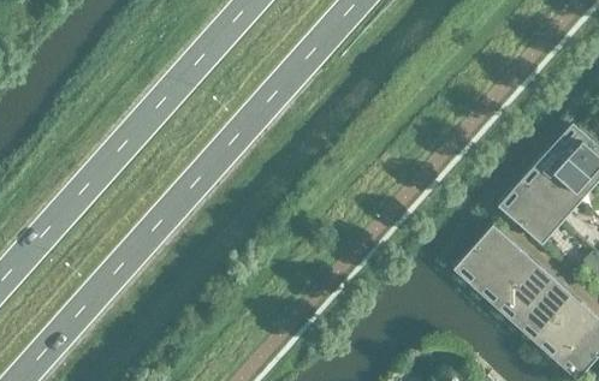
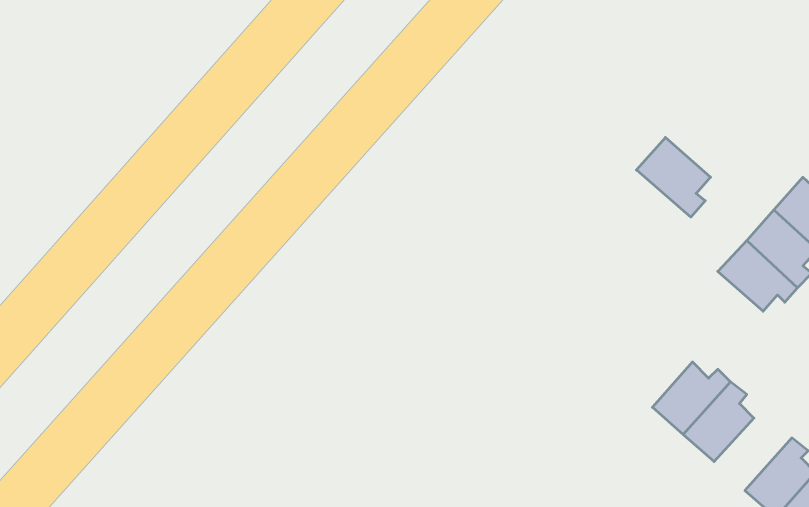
building: [503,191,552,244] -> [636,137,711,217]
building: [459,226,505,281] -> none
building: [520,288,571,337] -> none

